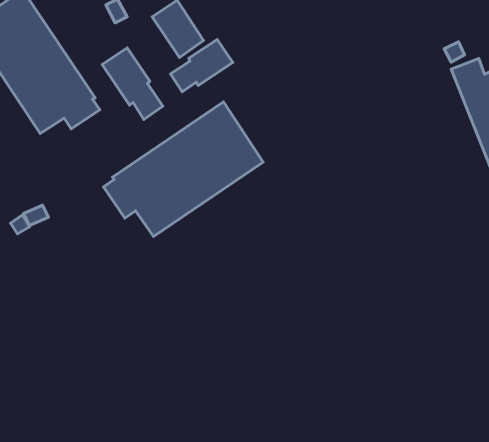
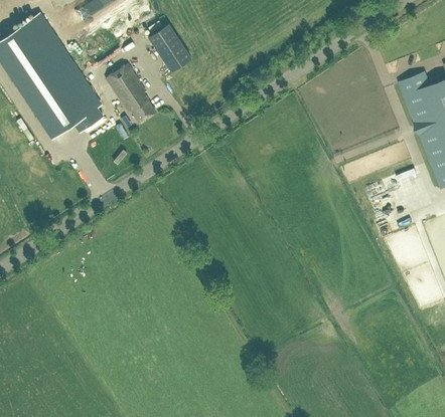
building: [171,39,233,92] -> none
building: [103,102,263,237] -> none

